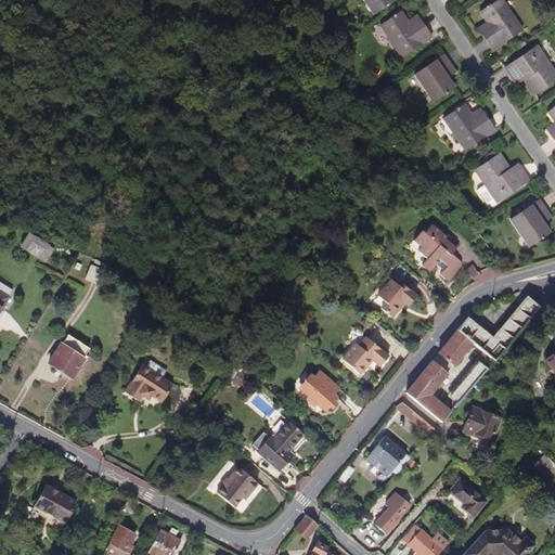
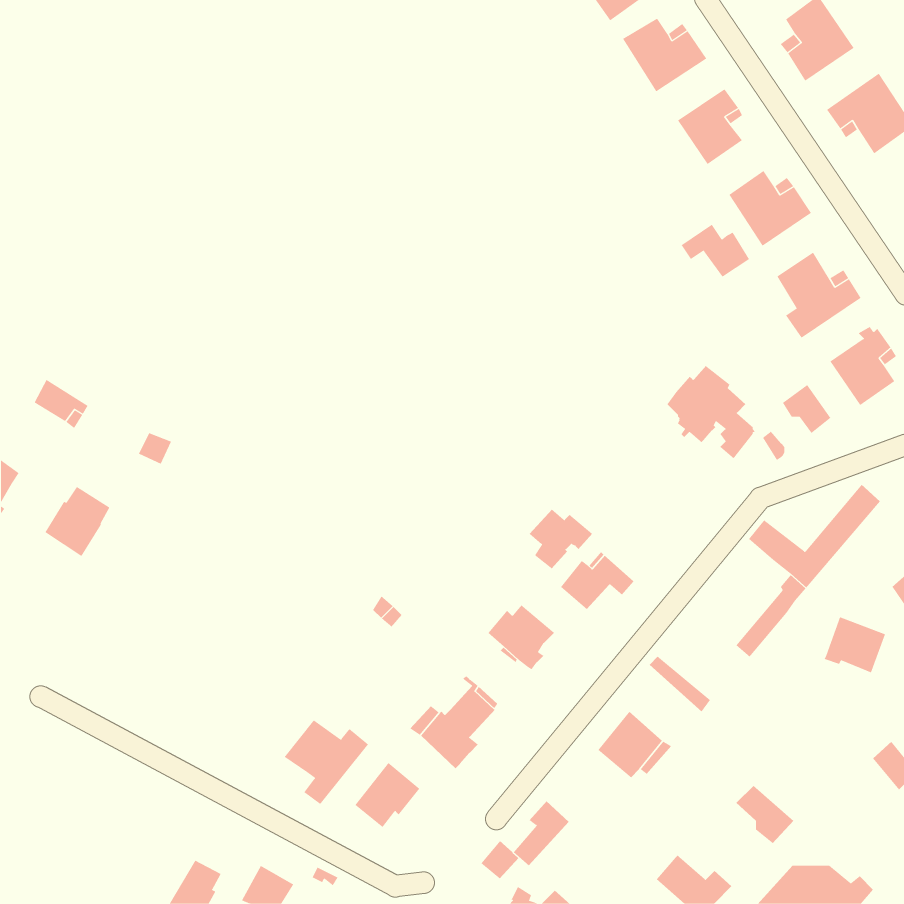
building: none -> [681,224,750,278]
building: none -> [782,384,831,434]
building: [378,280,417,317] -> [529,509,593,569]
building: [439,330,474,364] -> none
building: [50,334,90,377] -> [45,486,110,557]
building: [406,360,451,422] -> none
building: [126,364,173,401] -> none
building: [463,406,501,441] -> [824,617,886,673]
building: none -> [284,719,369,805]
building: [35,483,77,530] -> none
building: [376,492,411,532] -> [513,801,570,866]

